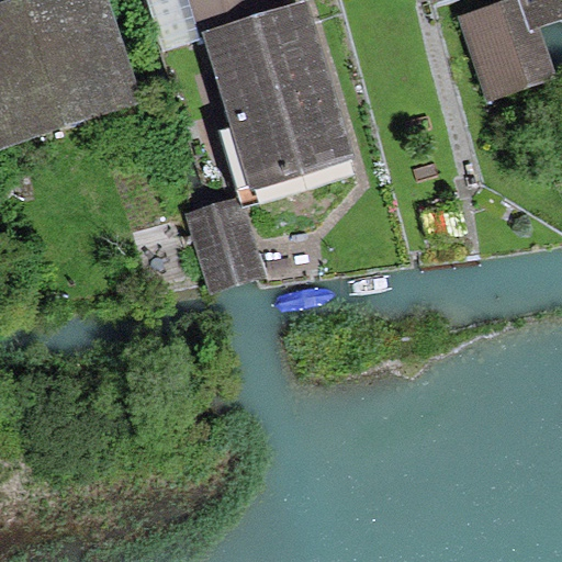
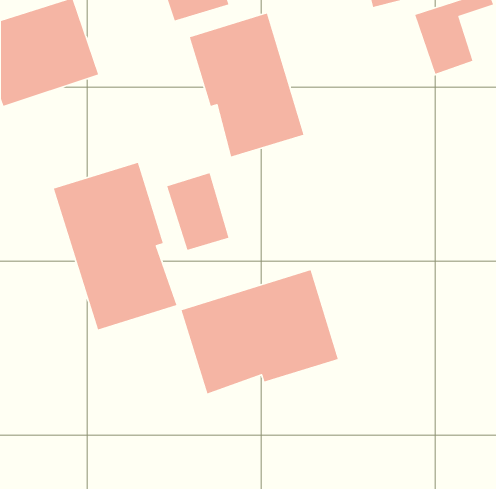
building: none -> [53,162,178,330]
building: none -> [180,269,339,394]

